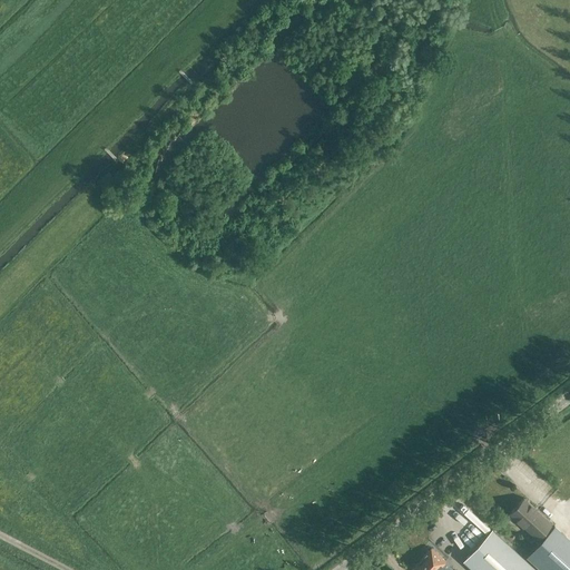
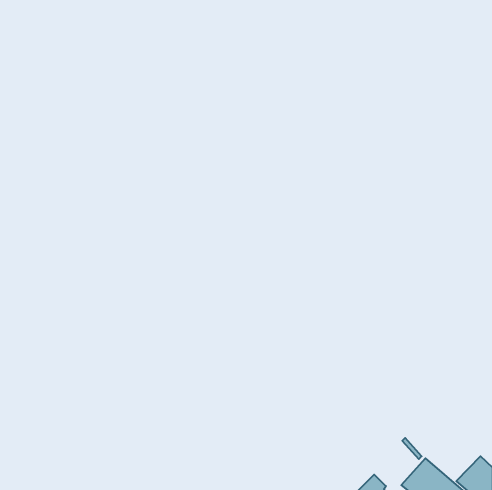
building: [509,501,553,542] -> none

